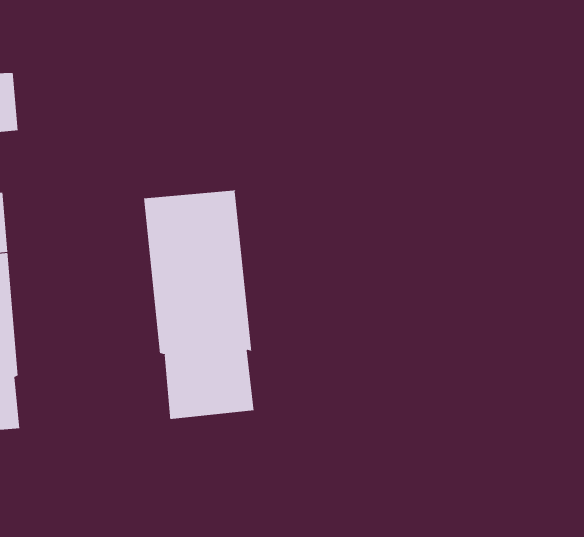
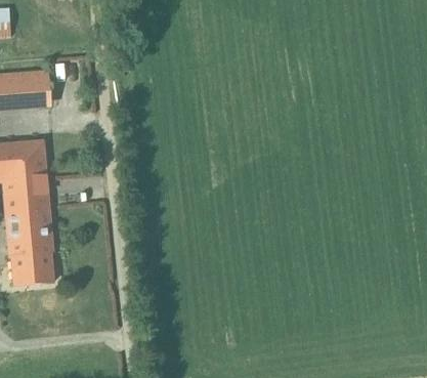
building: [143,189,254,420] -> none

